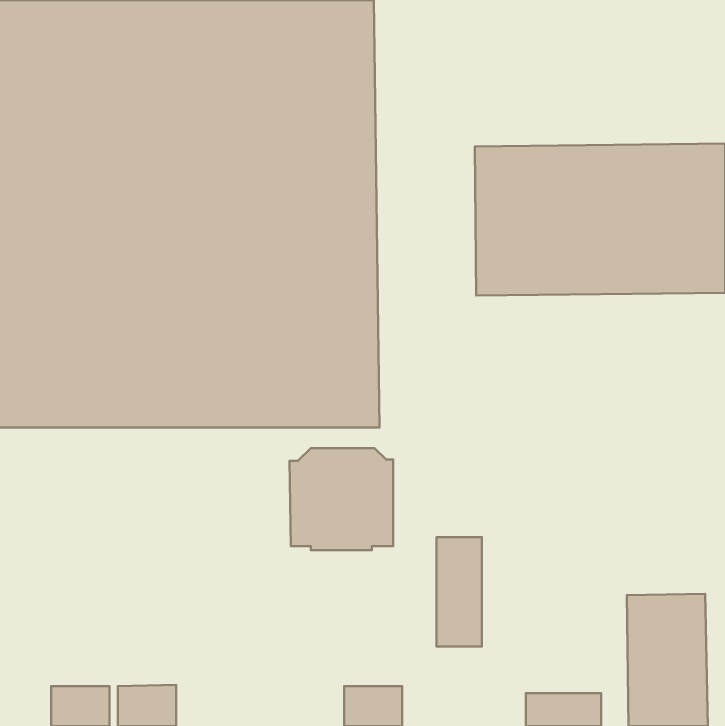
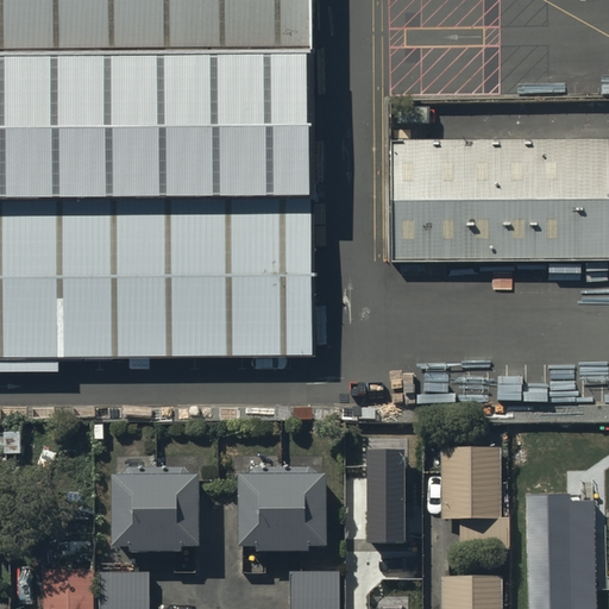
building: [289,448,393,550] -> [238,471,325,557]
building: none -> [439,451,509,550]
building: none -> [111,471,197,558]

